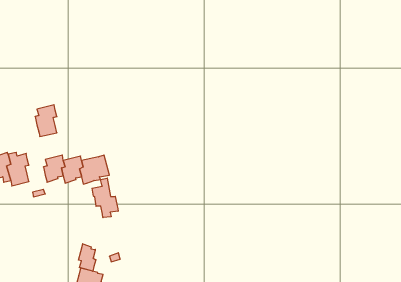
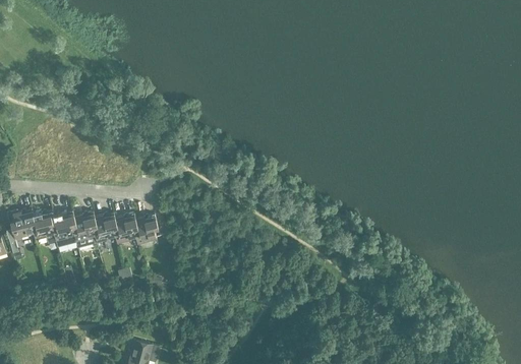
building: [35,105,57,136] -> [72,210,97,246]
building: [92,178,118,218] -> none
building: [79,244,96,271] -> none

